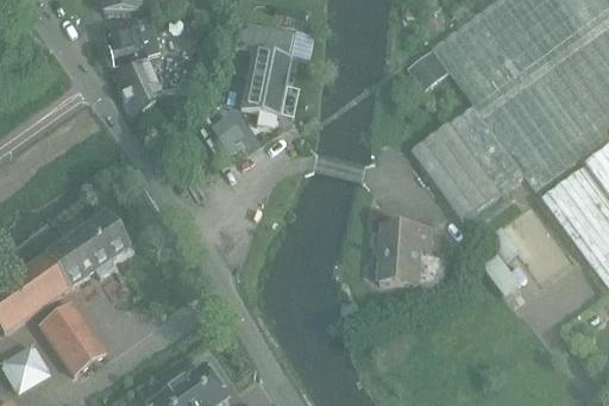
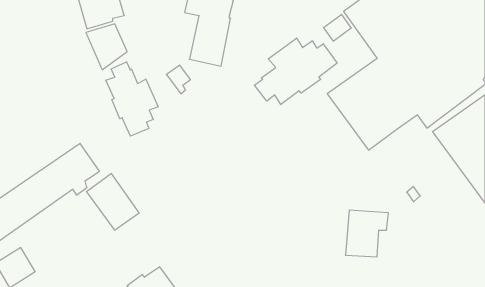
building: none -> [254,38,337,105]
building: none -> [106,62,158,136]
building: [378,225,432,283] -> [345,210,388,257]
building: [39,302,105,373] -> [87,174,139,230]

